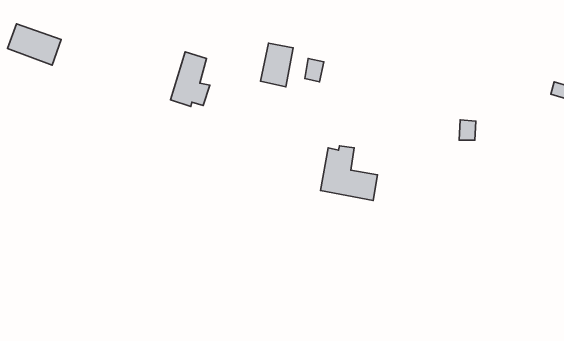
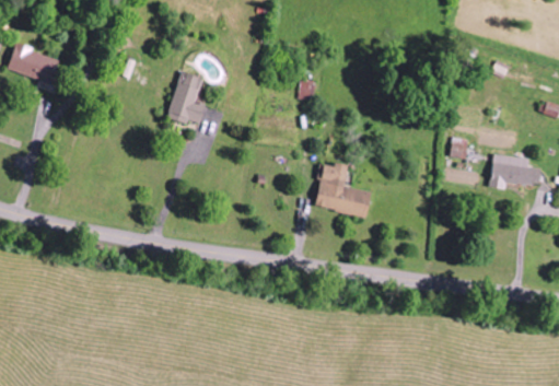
building: [260,43,293,87] -> none
building: none -> [489,154,540,189]

